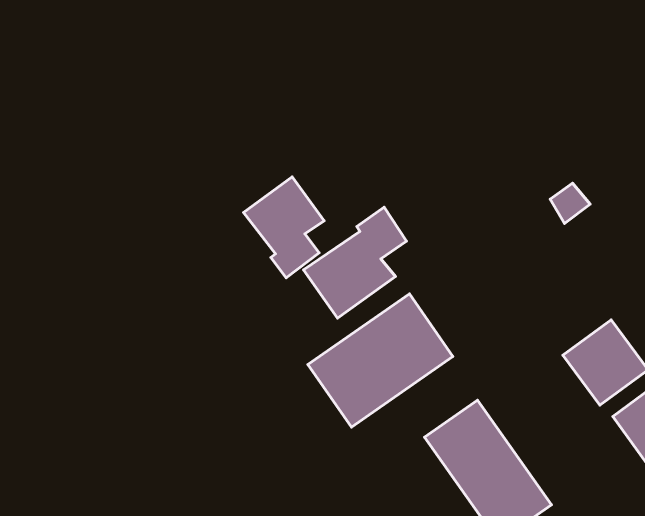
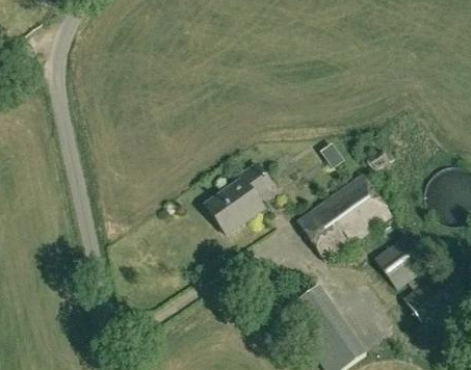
building: [244,177,324,278] -> none
building: [308,294,453,427] -> [297,174,391,260]

